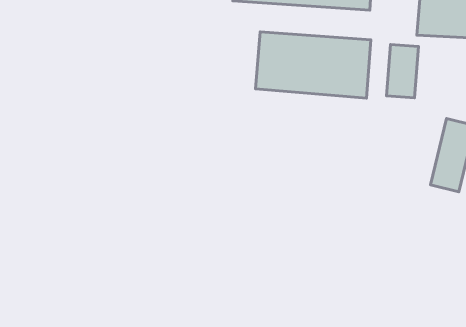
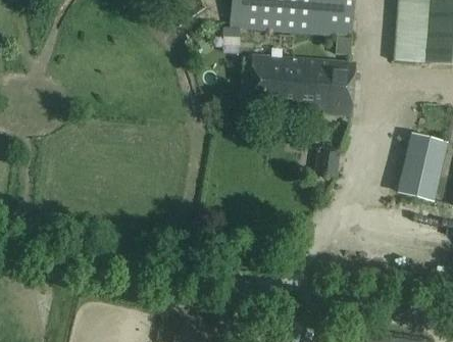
building: [387,44,419,98] -> none
building: none -> [315,145,342,178]

